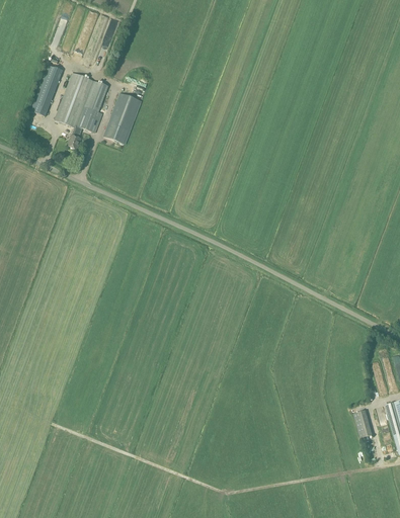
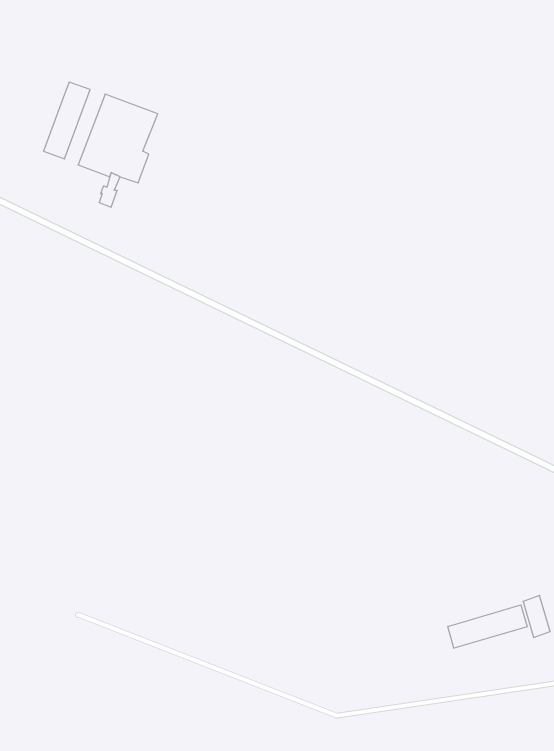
building: [104,92,141,143] -> none
building: none -> [448,605,527,648]

